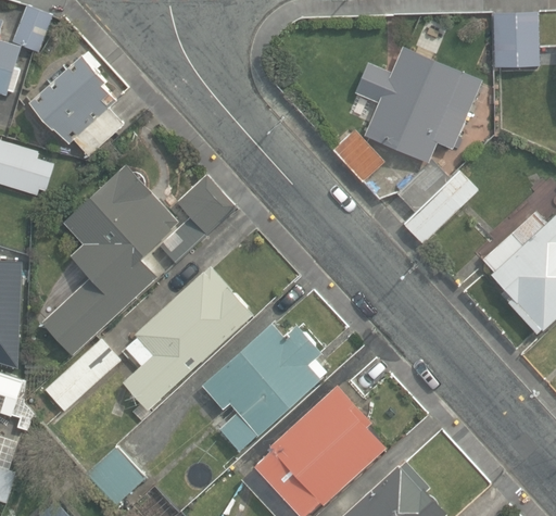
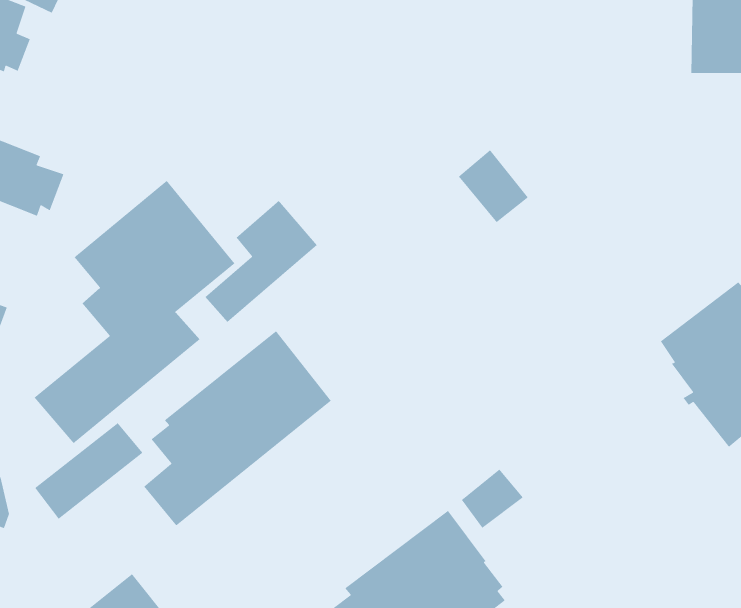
building: [355,47,481,246] -> none
building: [29,55,124,156] -> none
building: [202,326,325,451] -> none

